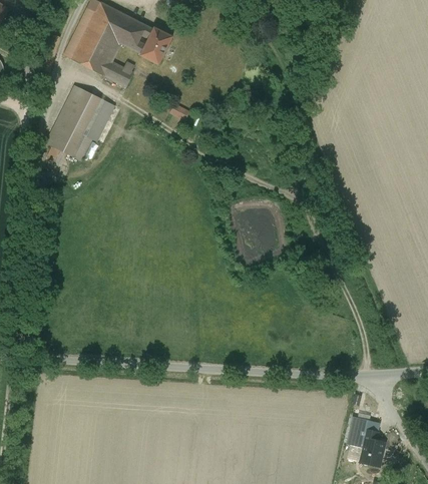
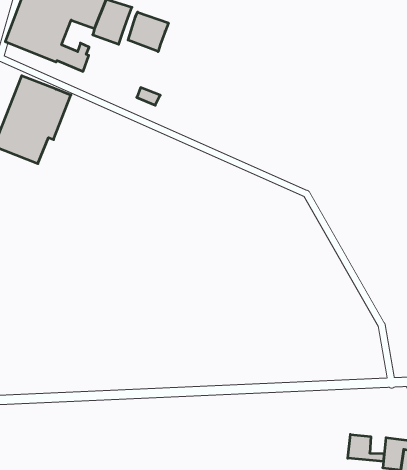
building: none -> [128,12,168,52]
building: none -> [348,434,384,461]

